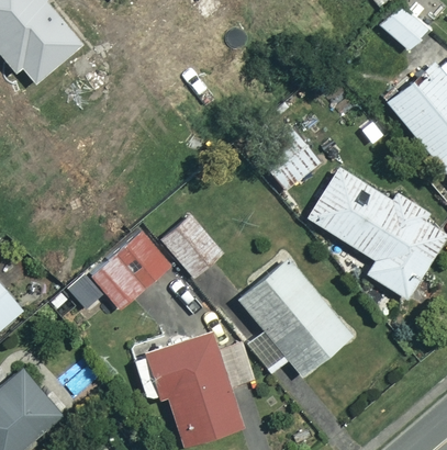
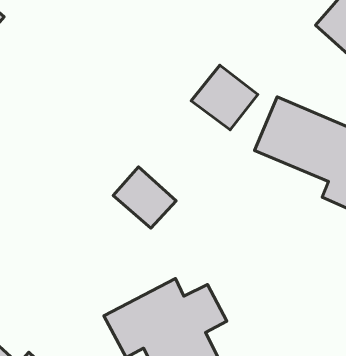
building: [93,235,171,308] -> none
building: [237,257,350,375] -> none

